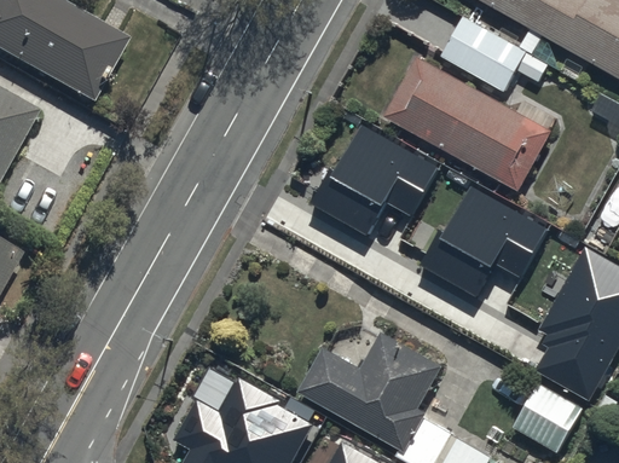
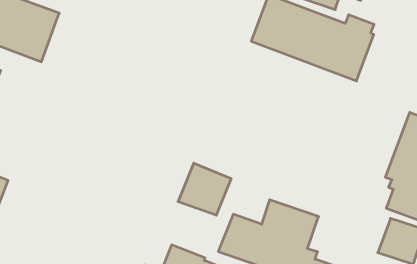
building: [313,122,438,235] -> none
building: [424,184,548,296] -> none
building: none -> [178,163,231,215]

